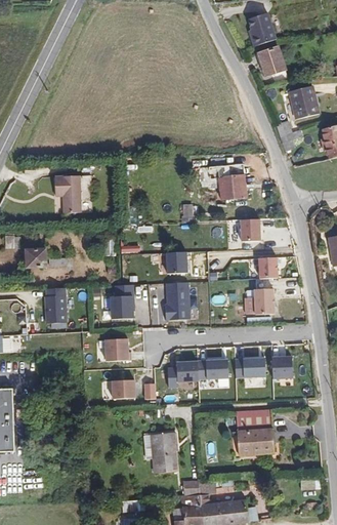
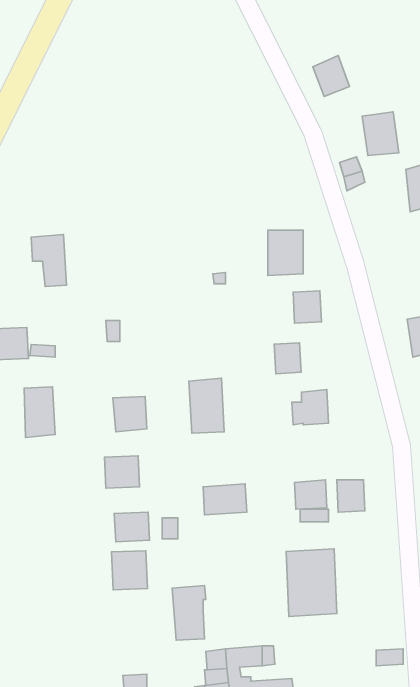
building: [243,13,272,48] -> none
building: [162,252,183,274] -> none
building: [258,256,278,279] -> [274,343,301,374]
building: [206,358,229,378] -> none
building: none -> [111,551,147,590]

